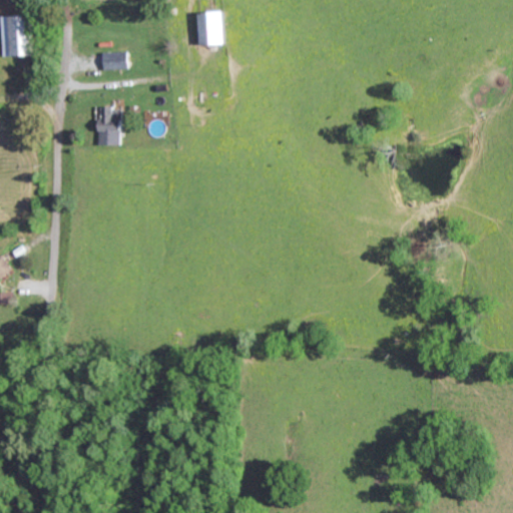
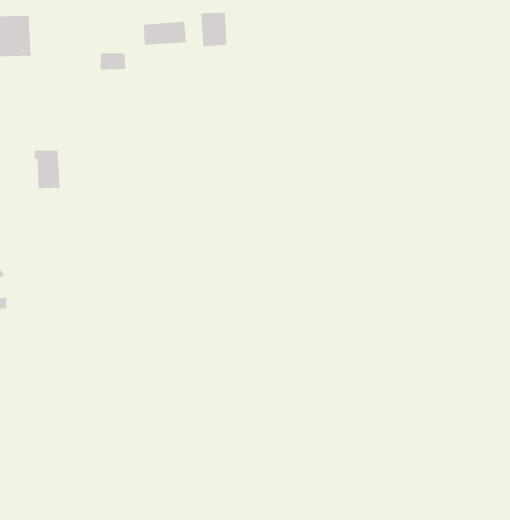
building: none -> [144,21,186,45]
building: [93,107,119,145] -> [34,150,60,189]

